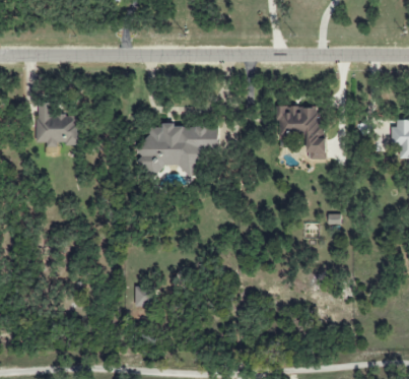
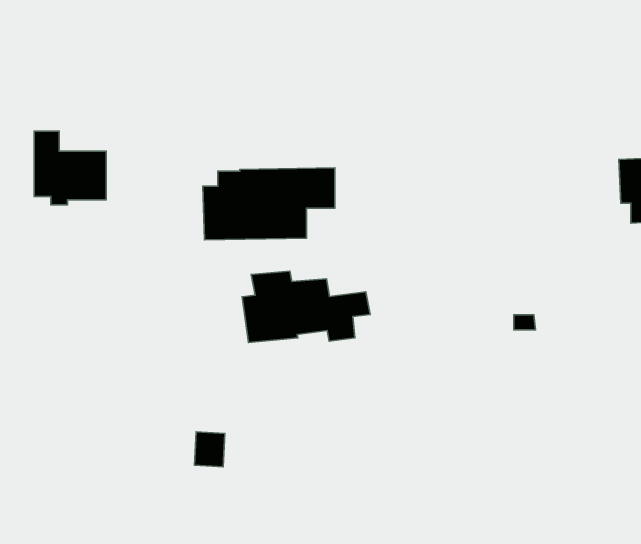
building: [276,106,329,159] -> none
building: none -> [242,271,370,343]

